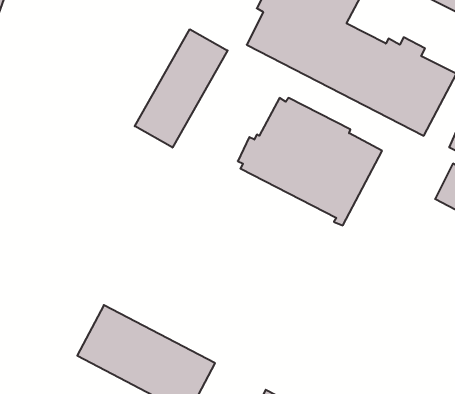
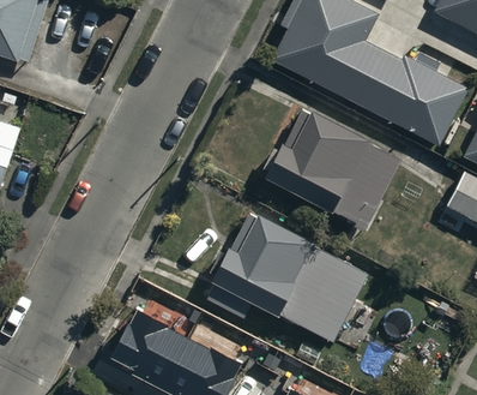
building: [135,29,228,148] -> none
building: none -> [205,214,368,342]

